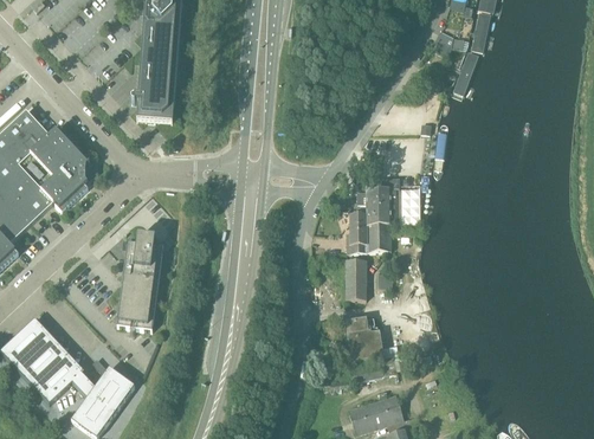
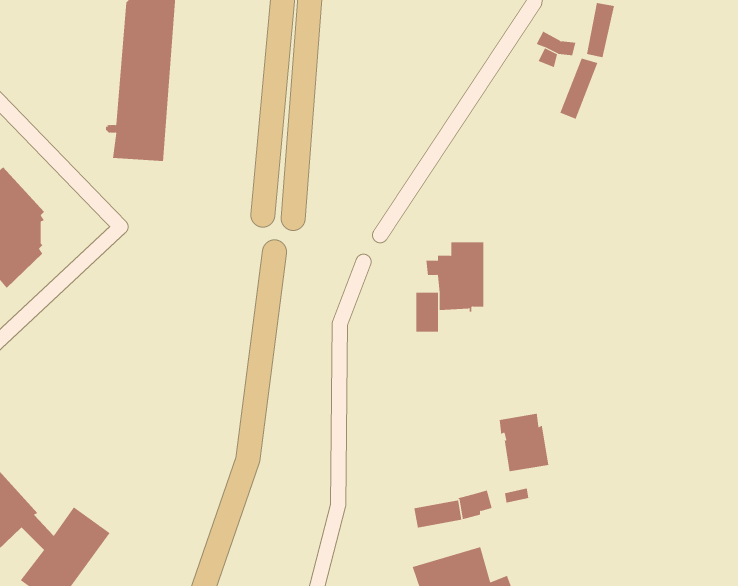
building: [366,225,390,250] -> none
building: [116,233,162,328] -> none
building: [344,258,366,298] -> none
building: [346,316,381,357] -> [499,413,549,472]

